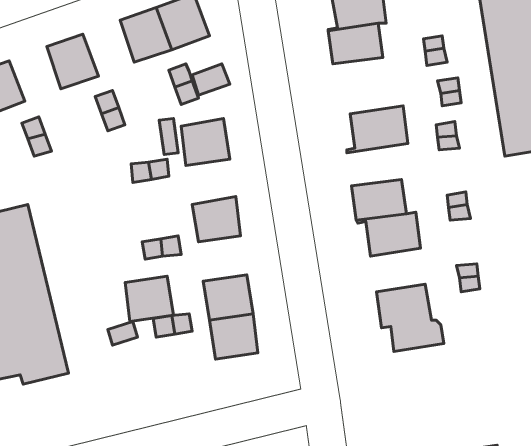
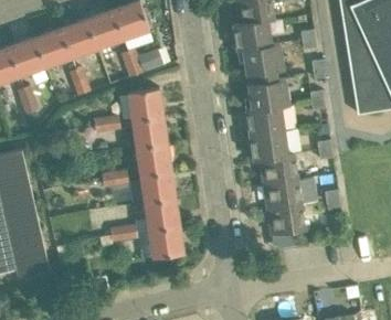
building: none -> [60,19,96,58]
building: none -> [8,38,44,76]
building: none -> [236,43,284,75]
building: none -> [246,107,285,136]
building: none -> [133,117,168,149]
building: none -> [263,180,302,211]
building: [125,276,174,321] -> [141,171,176,203]

